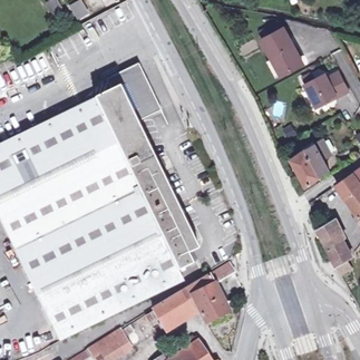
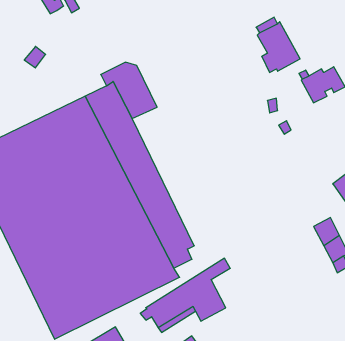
building: [290,139,331,186] -> none

